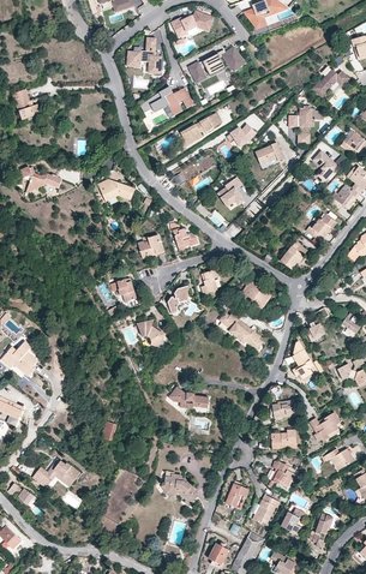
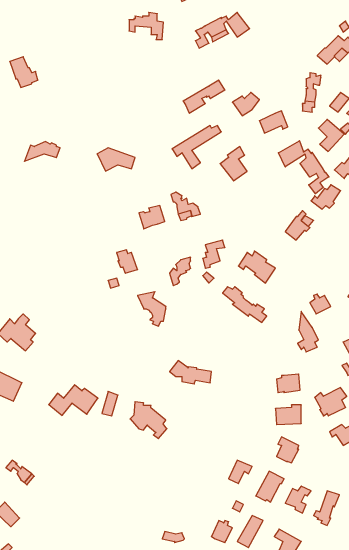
building: [152,84,194,113] -> none
building: none -> [278,141,329,194]
building: [32,458,80,488] -> [49,385,98,415]
building: [161,470,197,506] -> [130,402,167,439]

